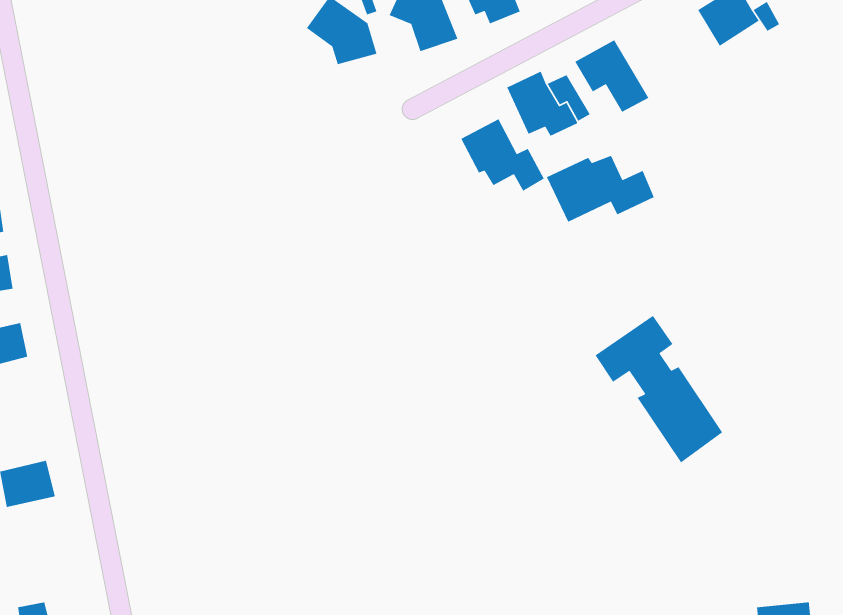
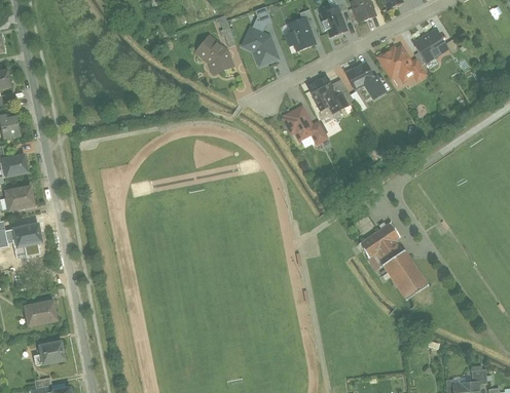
building: none -> [378,46,428,86]
building: [546,155,655,223] -> none
building: none -> [32,339,64,363]

